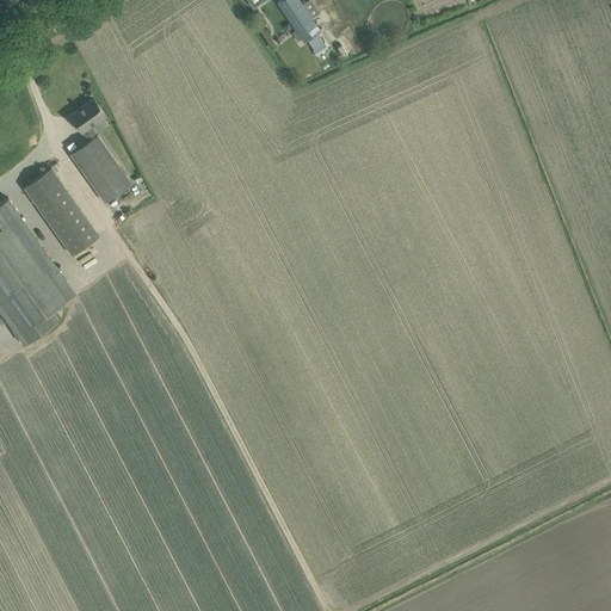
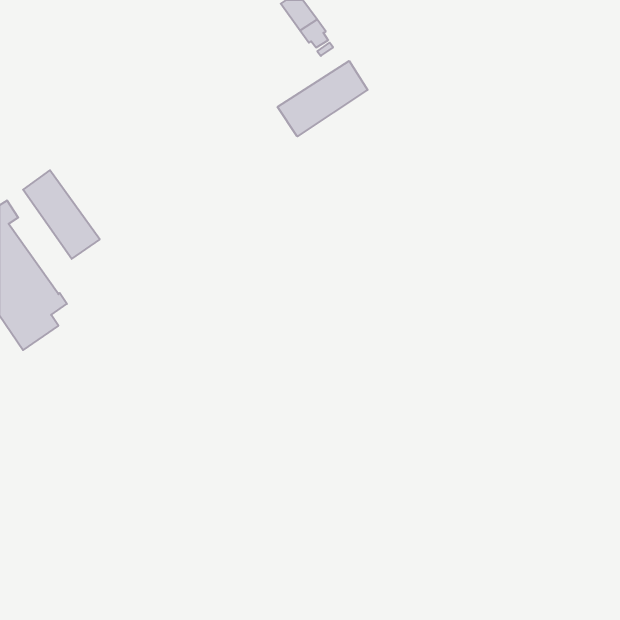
building: none -> [278,61,368,136]
building: [68,99,130,202] -> none

